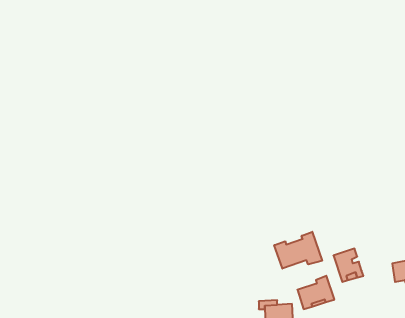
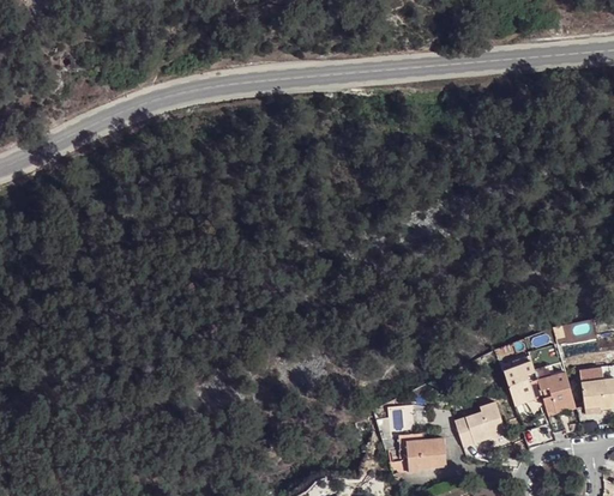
building: [274,232,322,269] -> none
building: none -> [536,370,576,418]

